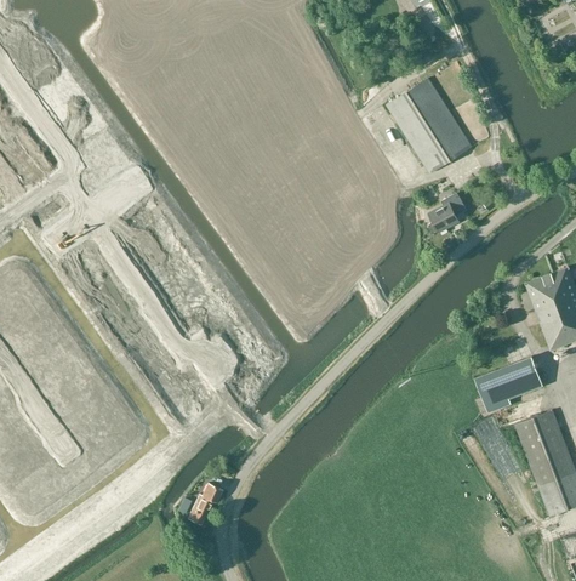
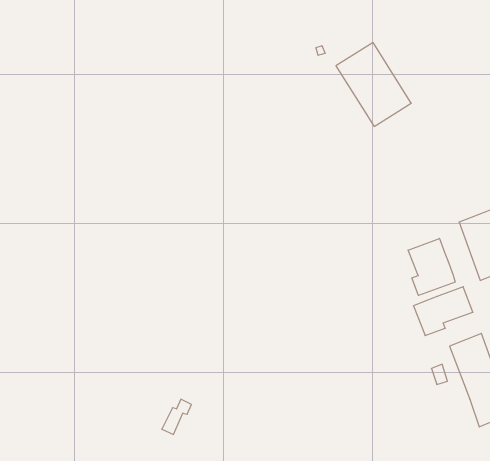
building: [428,193,463,232] -> none
building: none -> [408,238,455,295]

